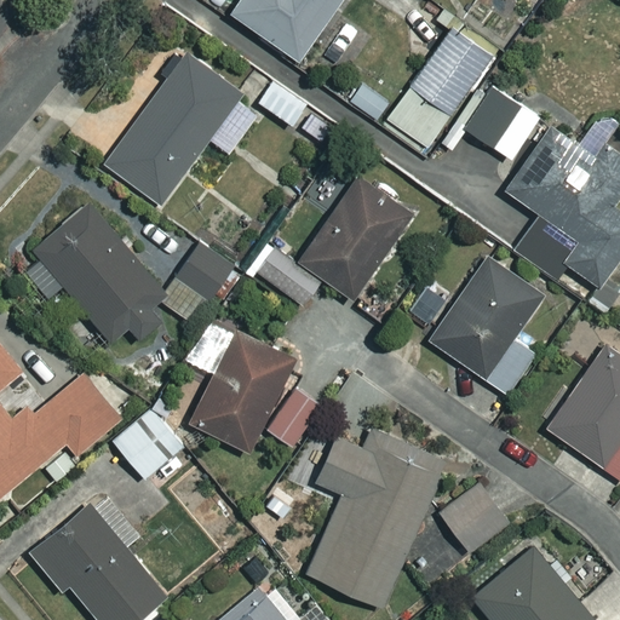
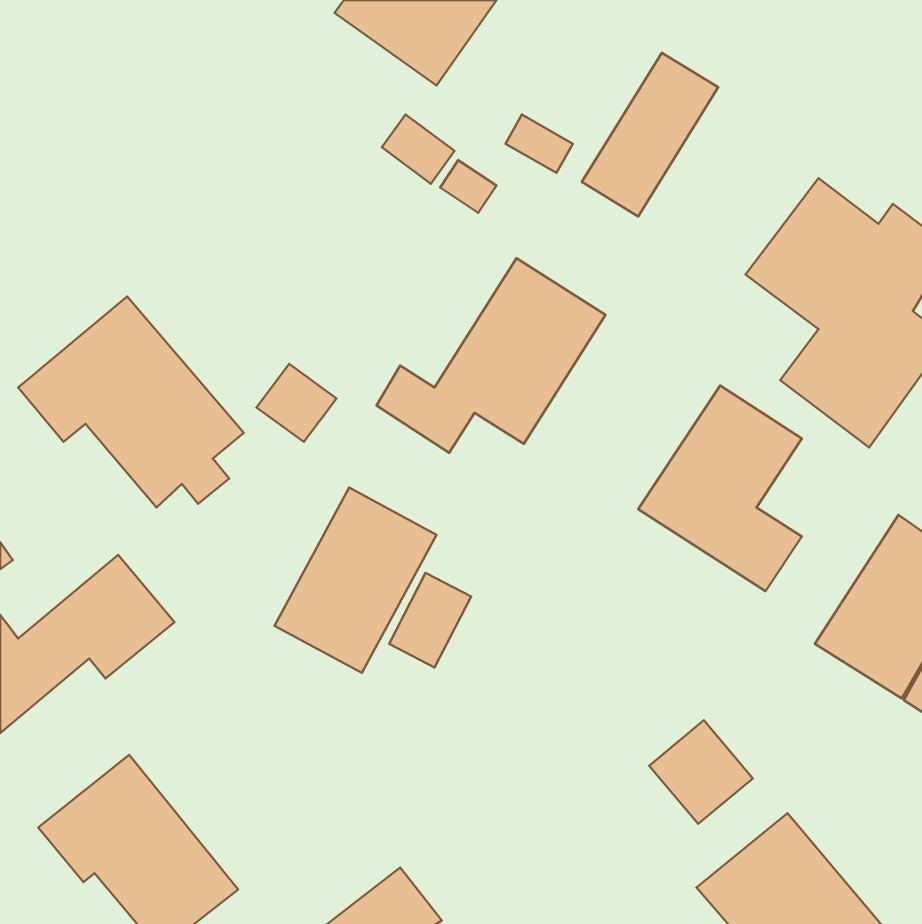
building: [107,56,260,206] -> none
building: [465,88,535,157] -> none
building: [111,407,184,480] -> none
building: [303,431,441,604] -> none

